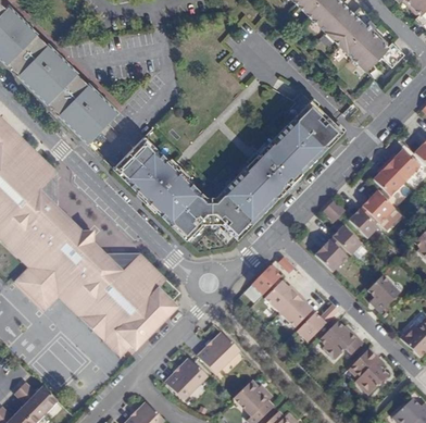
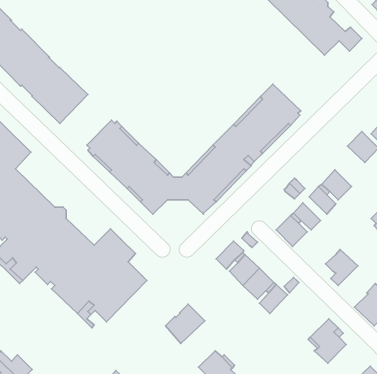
building: [375,165,408,198] -> none
building: [318,320,363,359] -> none
building: [165,357,206,399] -> none

